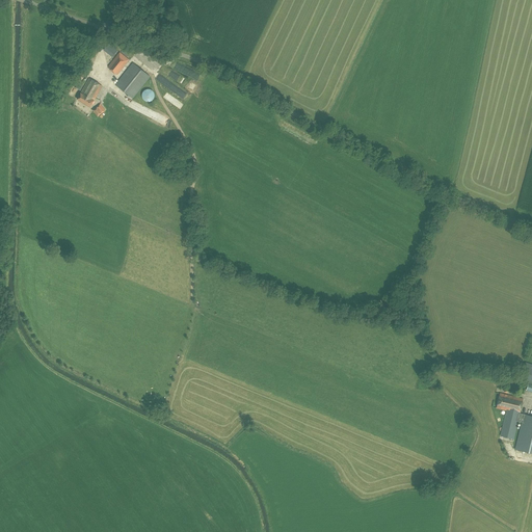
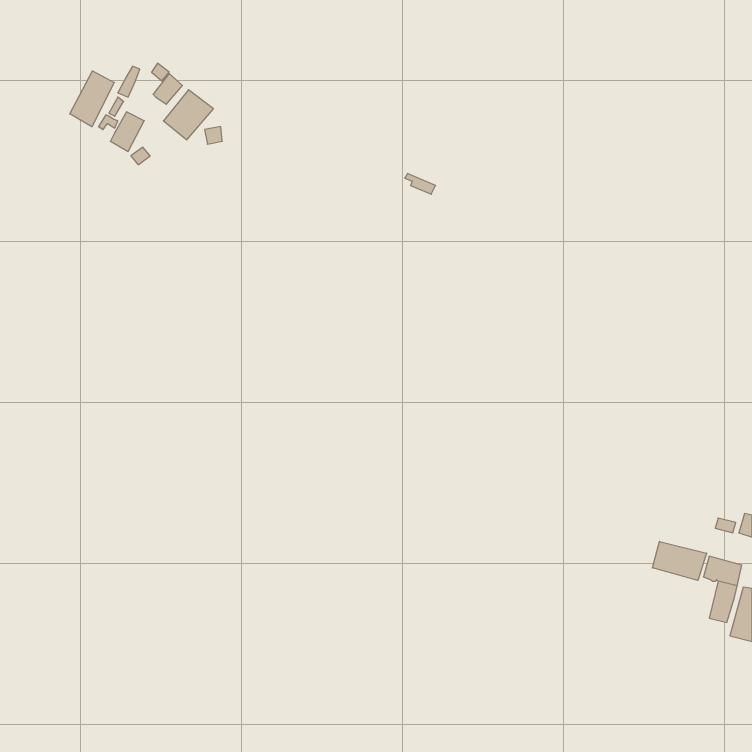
building: none -> [70,71,114,127]
building: none -> [652,541,707,580]

